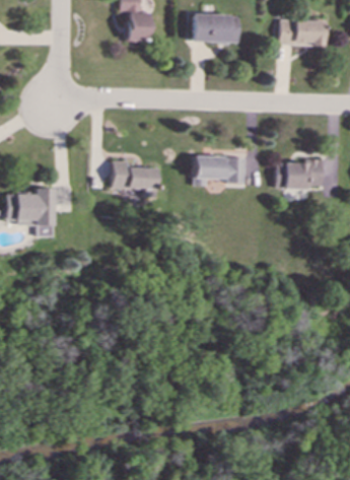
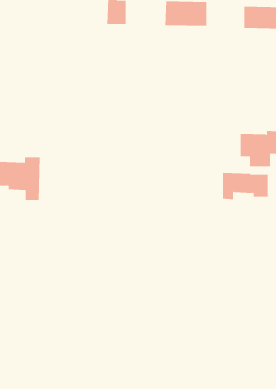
building: [193,155,244,186] -> [222,173,268,200]
building: [111,160,155,196] -> none

